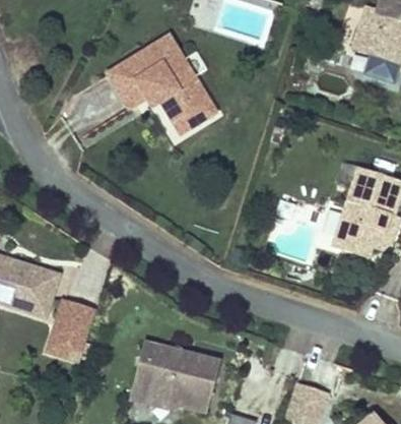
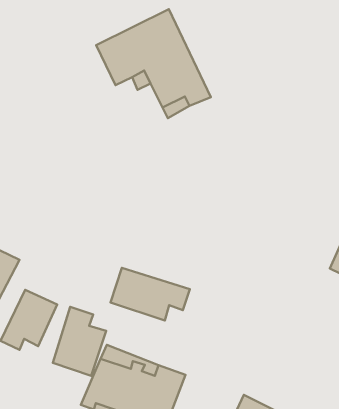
building: none -> [110,268,190,321]
building: none -> [53,307,106,376]

